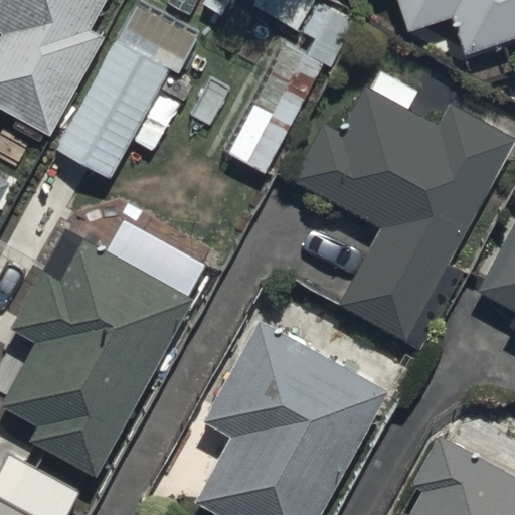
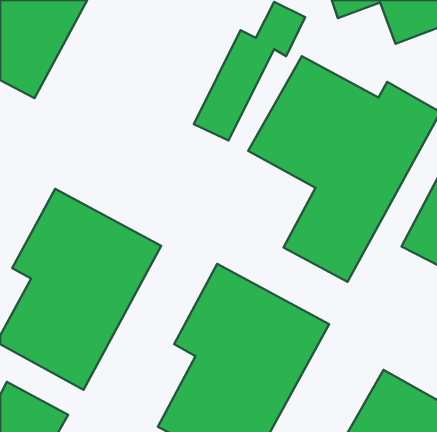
building: [58,41,169,176] -> none

